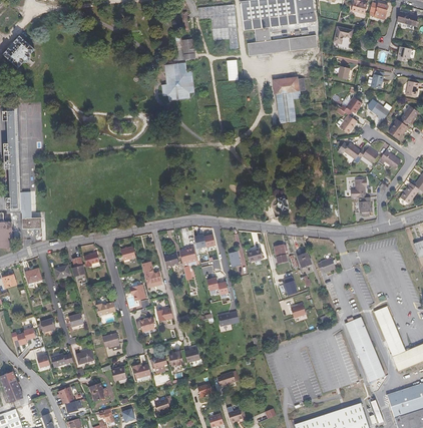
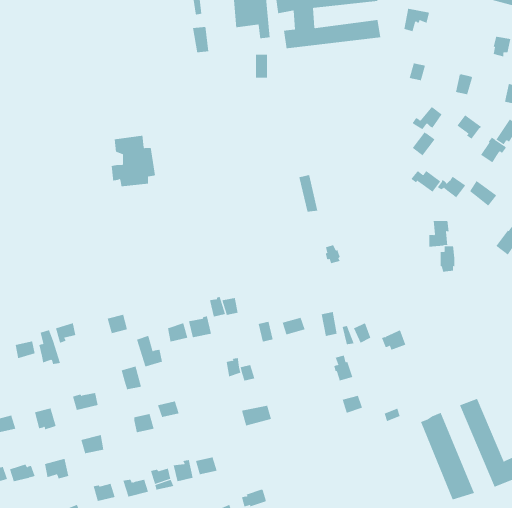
building: [162,62,194,99] -> [111,135,156,187]
building: [275,75,305,122] -> none

